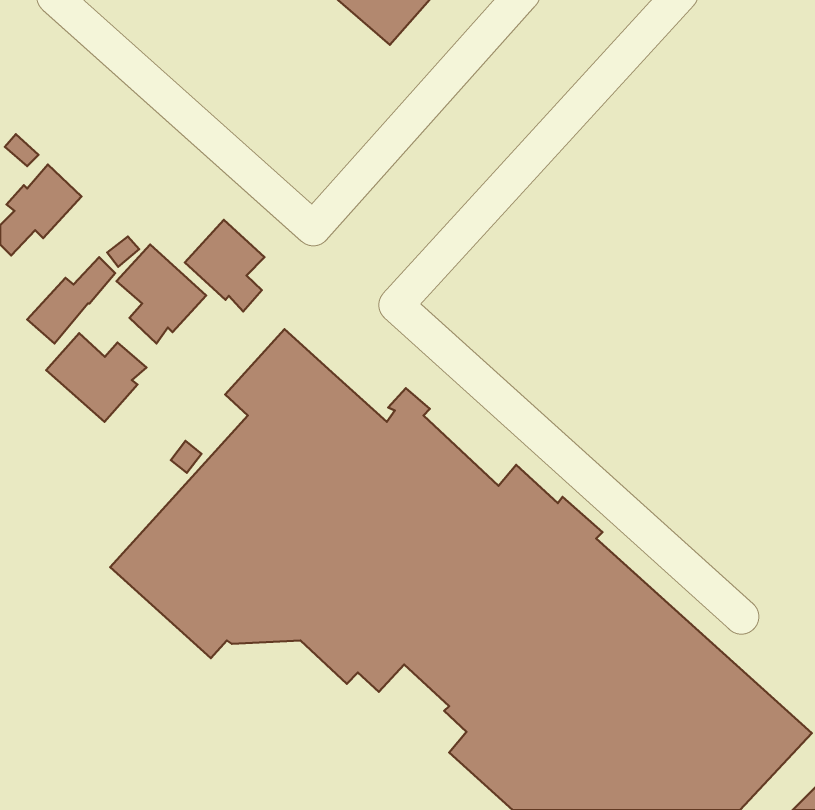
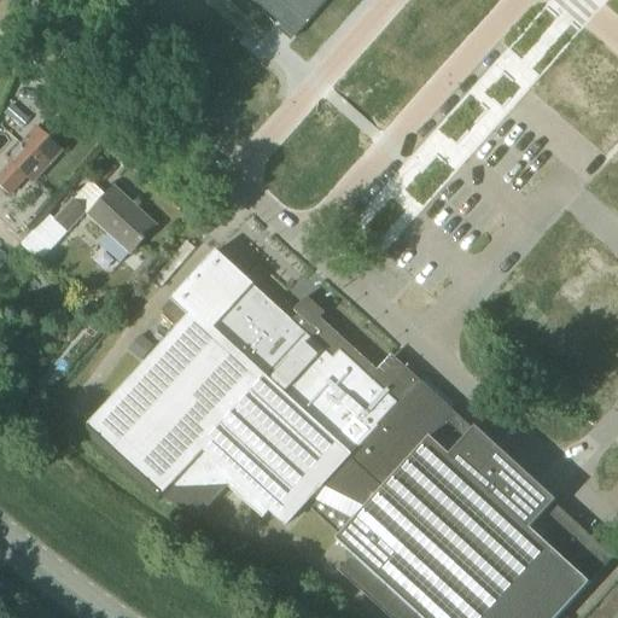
building: [185,220,265,312] -> none
building: [46,333,147,422] -> none

